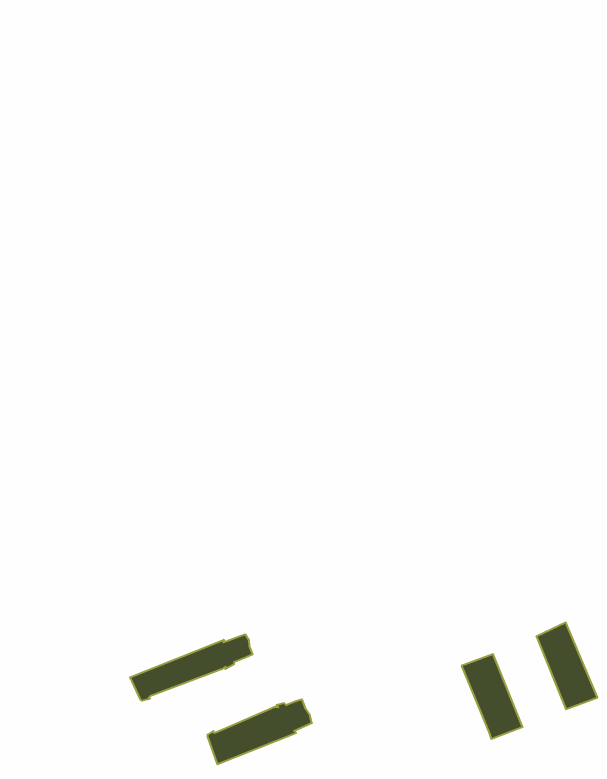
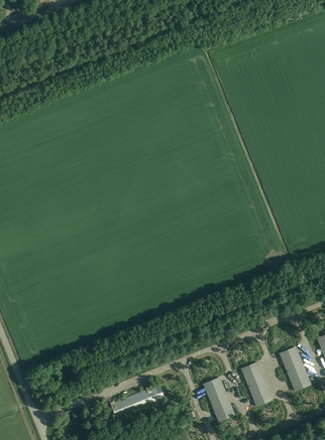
building: [130,634,253,701] -> none
building: none -> [204,378,234,422]

